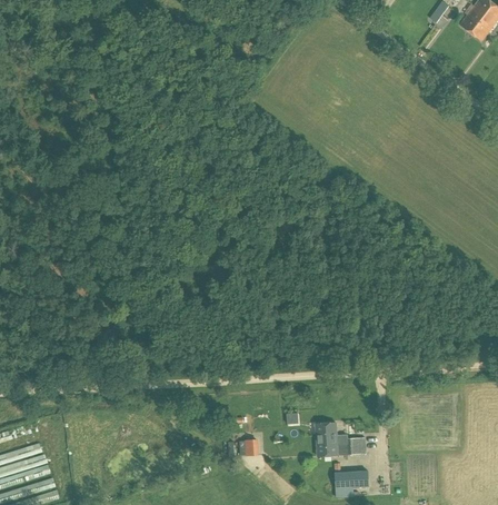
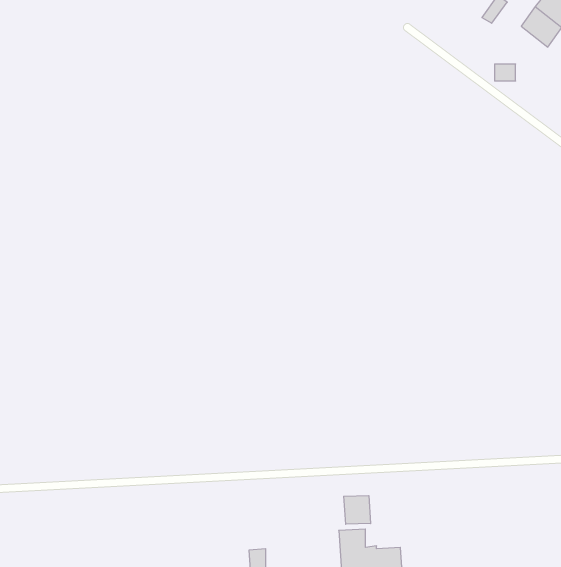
building: none -> [344,496,371,524]

